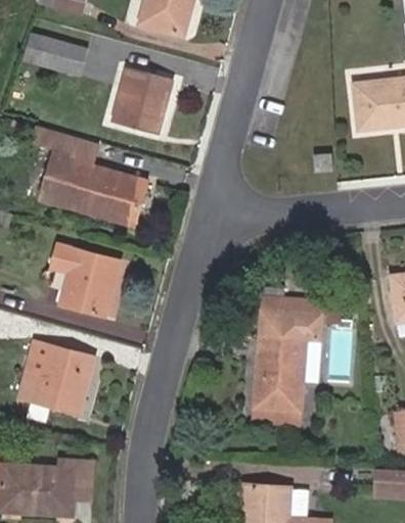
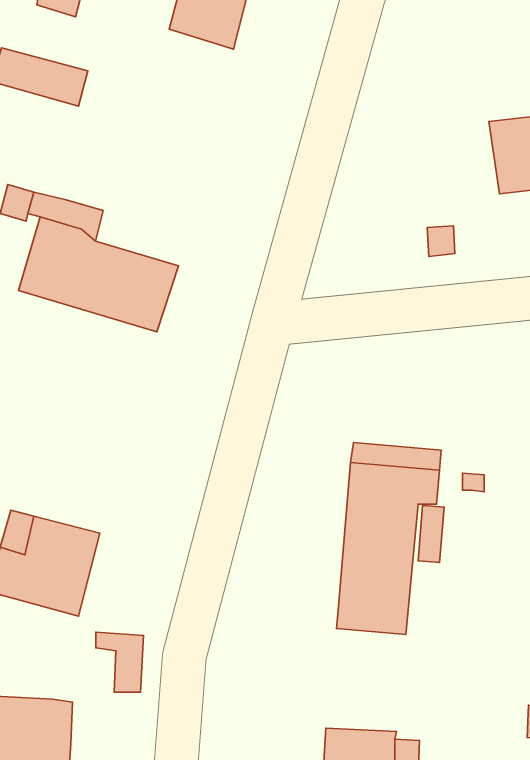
building: [112,67,171,134] -> none
building: [52,243,121,314] -> none
building: [62,458,94,497] -> [96,632,143,692]

